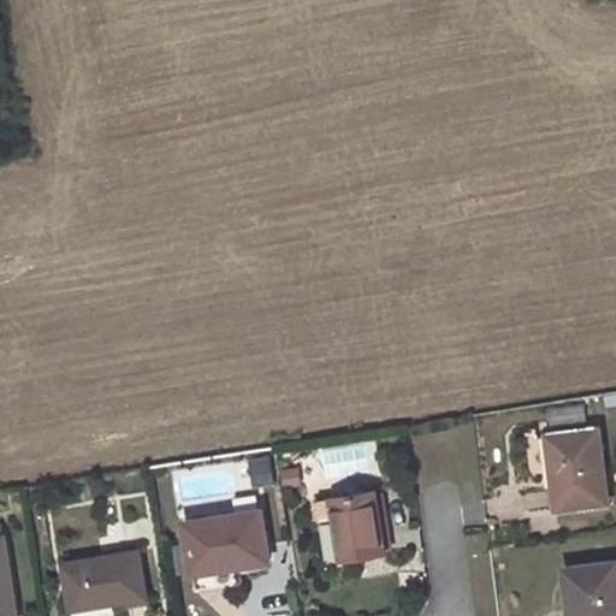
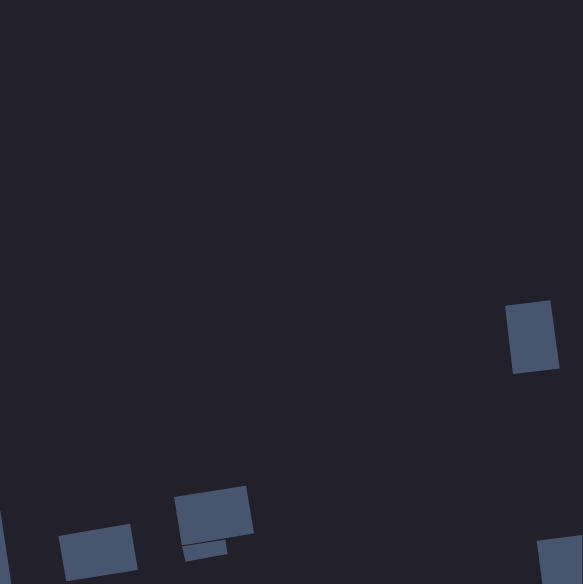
building: [546,430,605,508] -> [504,300,560,374]
building: [328,491,383,559] -> none

